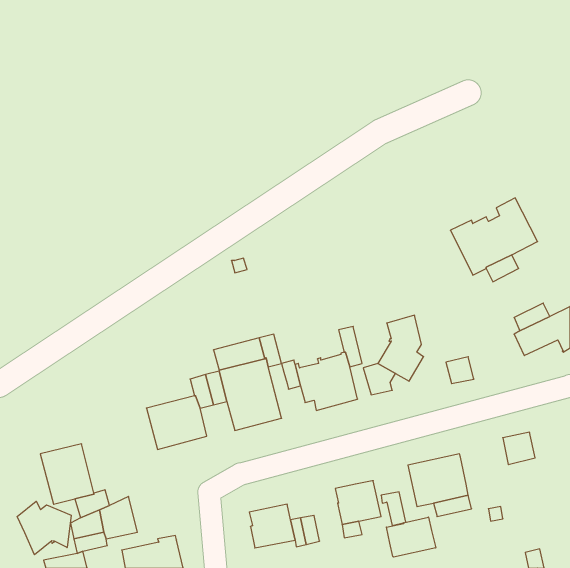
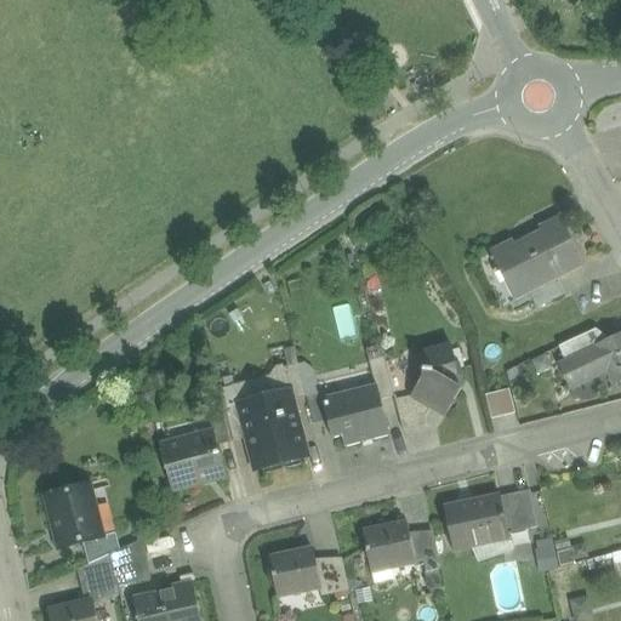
building: [503,432,535,465] -> [500,490,535,525]
building: [17,501,71,555] -> none
building: [386,517,436,557] -> none

